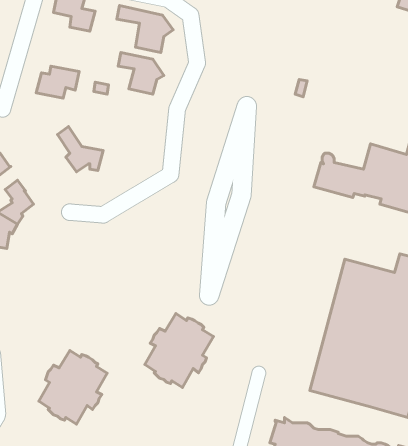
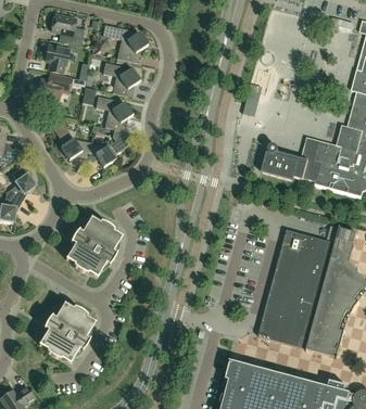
building: none -> [45,44,70,73]
building: none -> [96,95,132,130]
building: none -> [87,135,129,166]
building: [145,314,213,387] -> [66,217,122,277]

